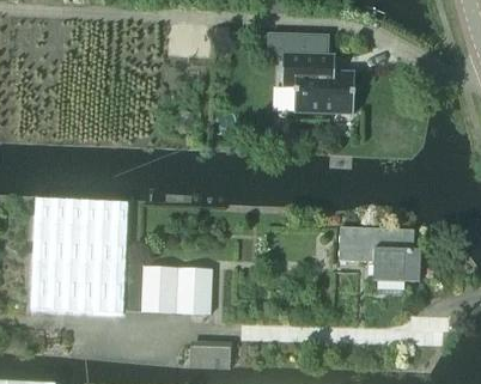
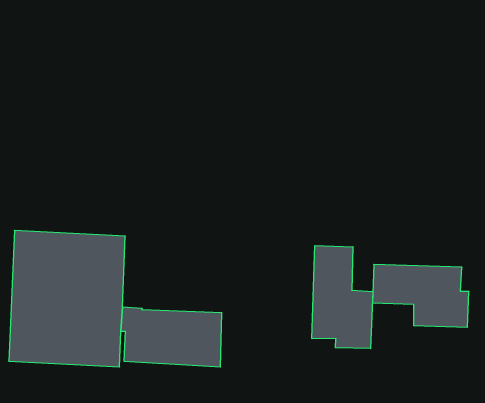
building: [267,33,354,114] -> none
building: none -> [312,246,373,349]

